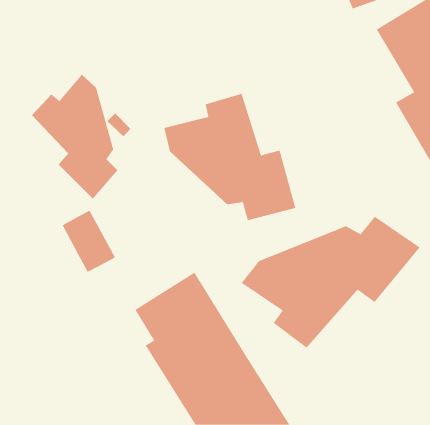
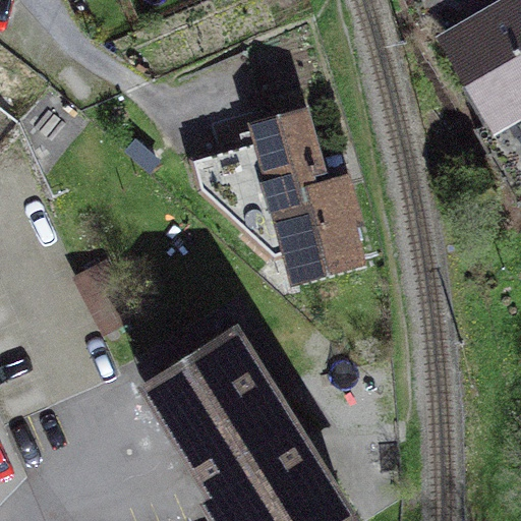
building: [31,74,118,199] -> none
building: [241,216,420,348] -> none

